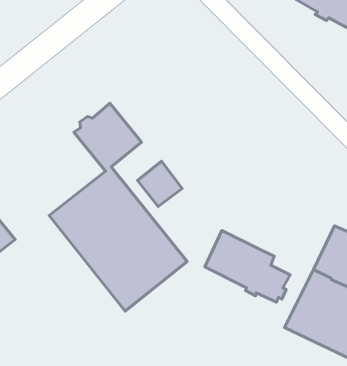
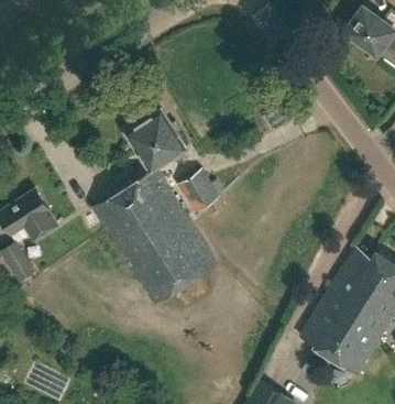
building: [205,231,290,302] -> none

